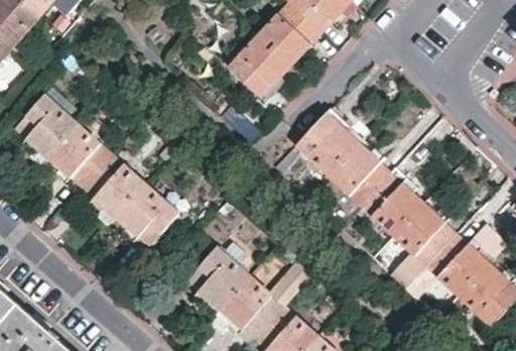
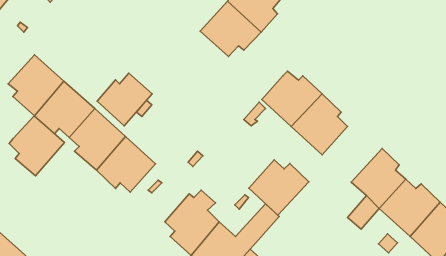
building: none -> [97,73,152,126]
building: none -> [9,116,65,176]
building: [363,174,429,236] -> [249,160,309,215]

